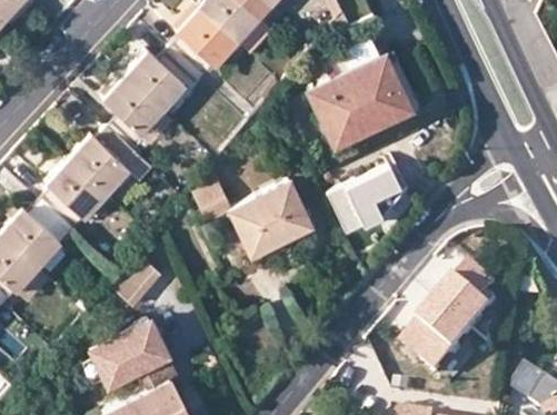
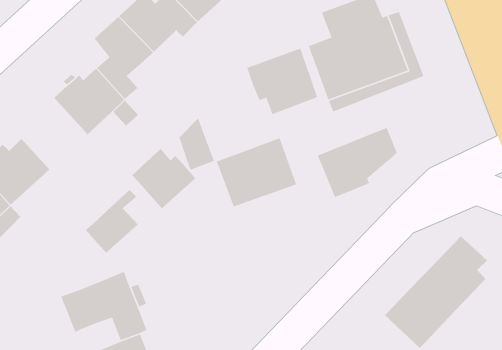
building: none -> [246,47,318,115]
building: [41,160,105,229] -> none
building: none -> [132,148,196,209]

